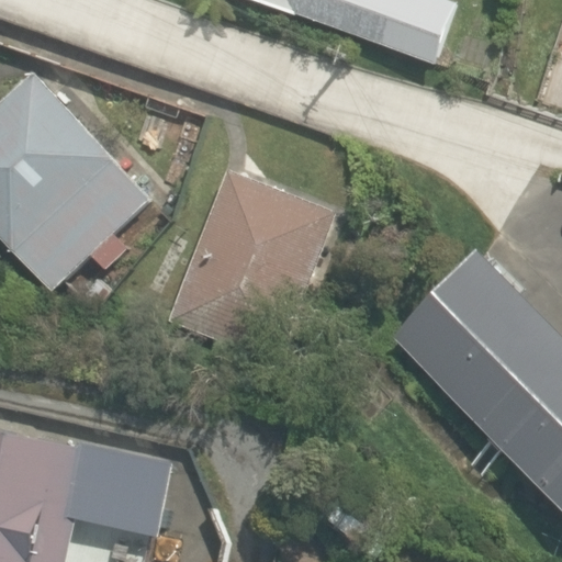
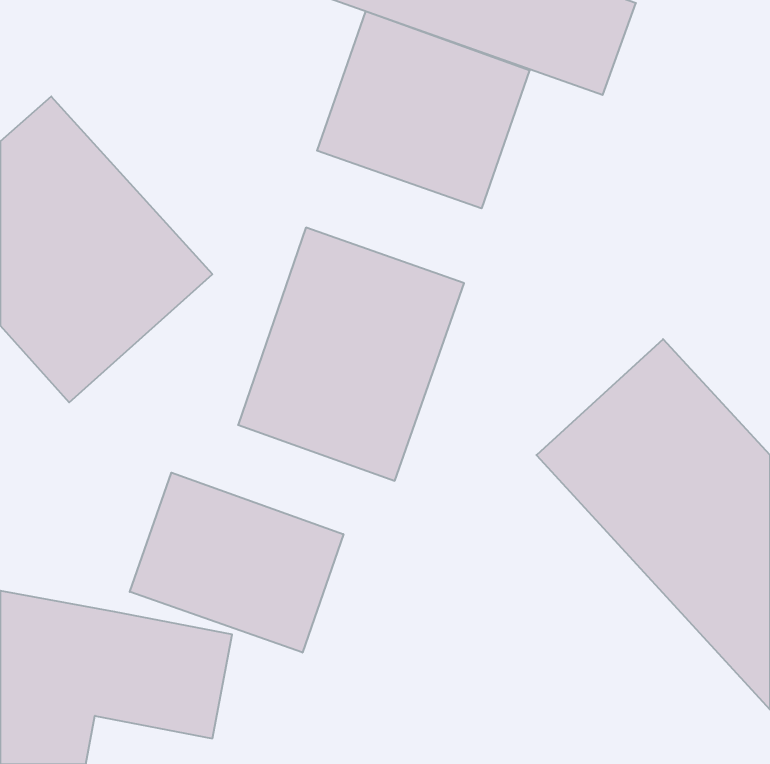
building: none -> [317,11,529,208]
building: none -> [130,473,343,653]

